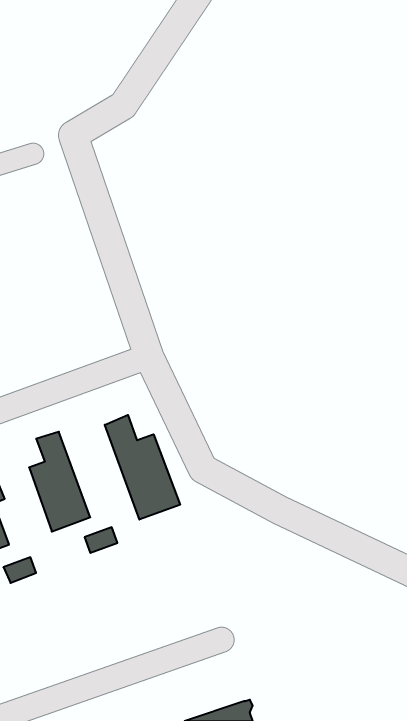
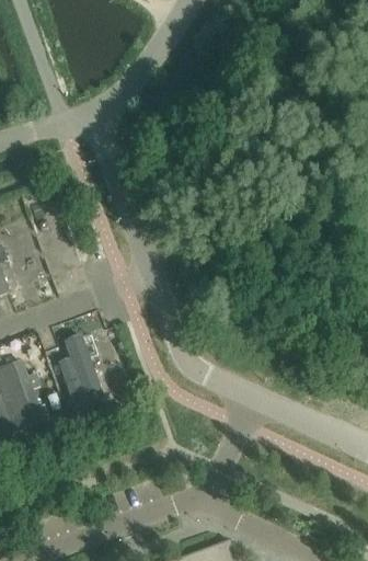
building: [105,415,180,520] -> none

